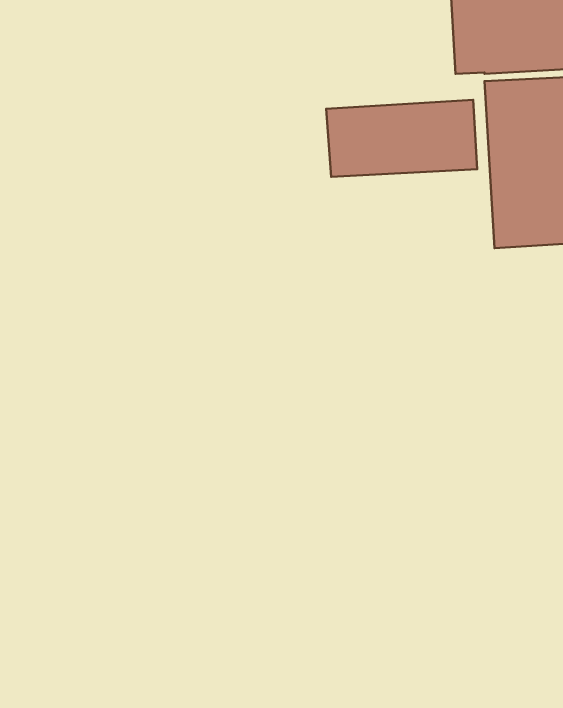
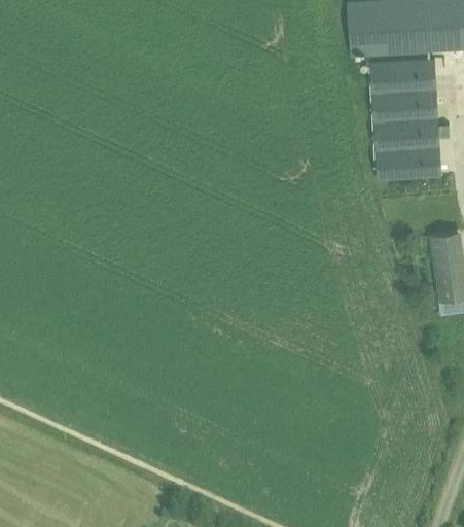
building: [326,100,477,177] -> none

